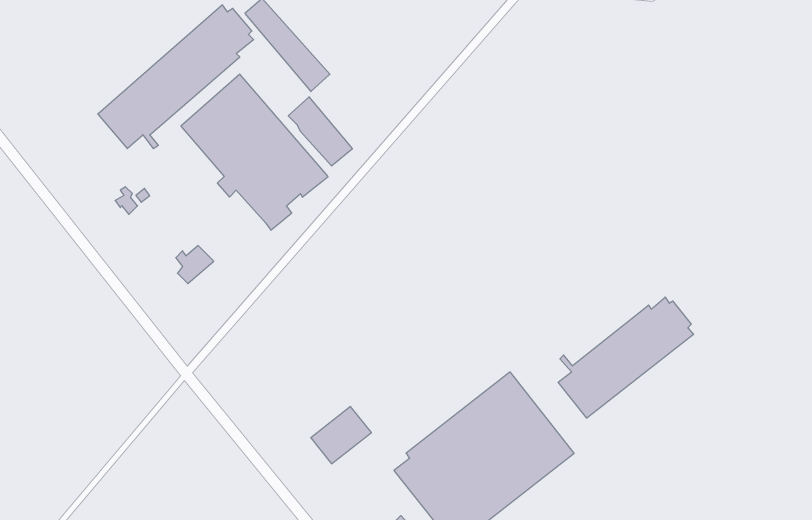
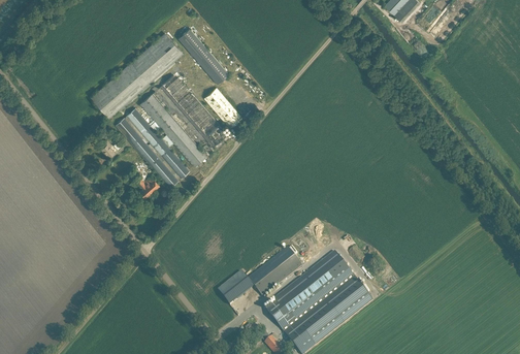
building: none -> [115,106,189,187]
building: [558,297,694,418] -> none
building: none -> [248,246,301,296]

